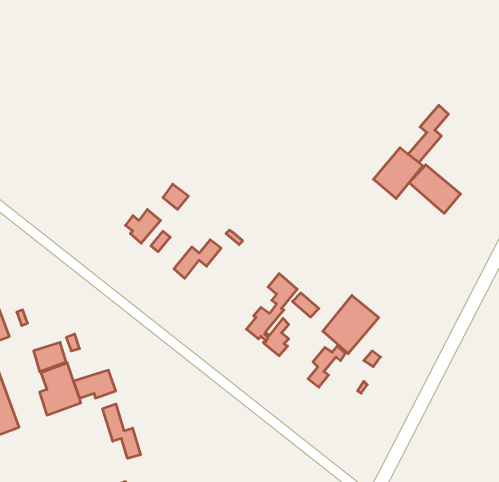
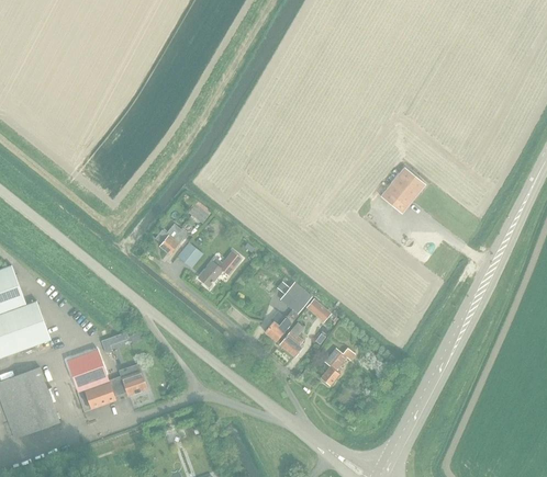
building: [408,105,448,163] -> none
building: [409,165,461,213] -> none
building: [323,295,379,354] -> none
building: [103,404,140,458] -> none

